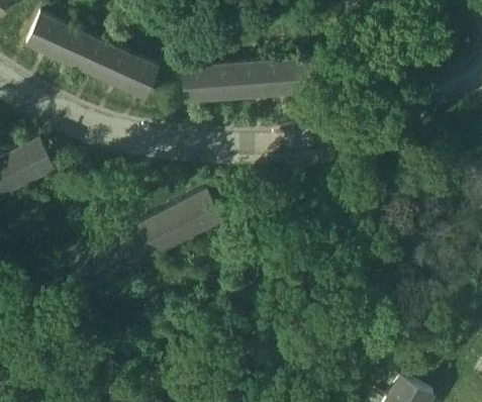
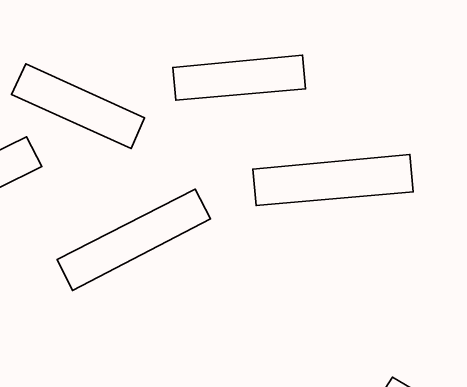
building: [26,14,158,98] -> [12,64,145,149]
building: none -> [253,154,413,205]

